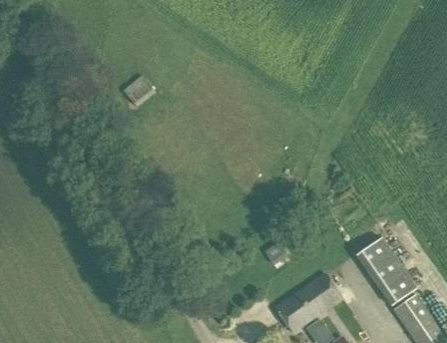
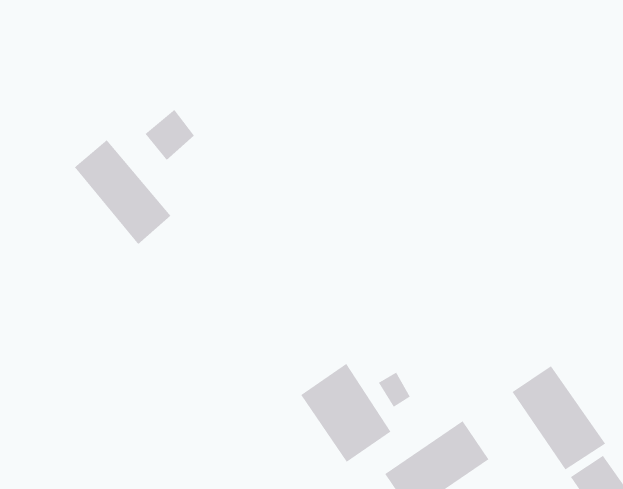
building: none -> [74,139,171,245]
building: none -> [300,363,392,463]

